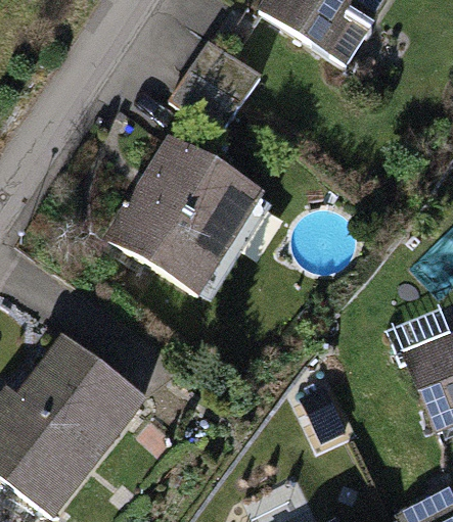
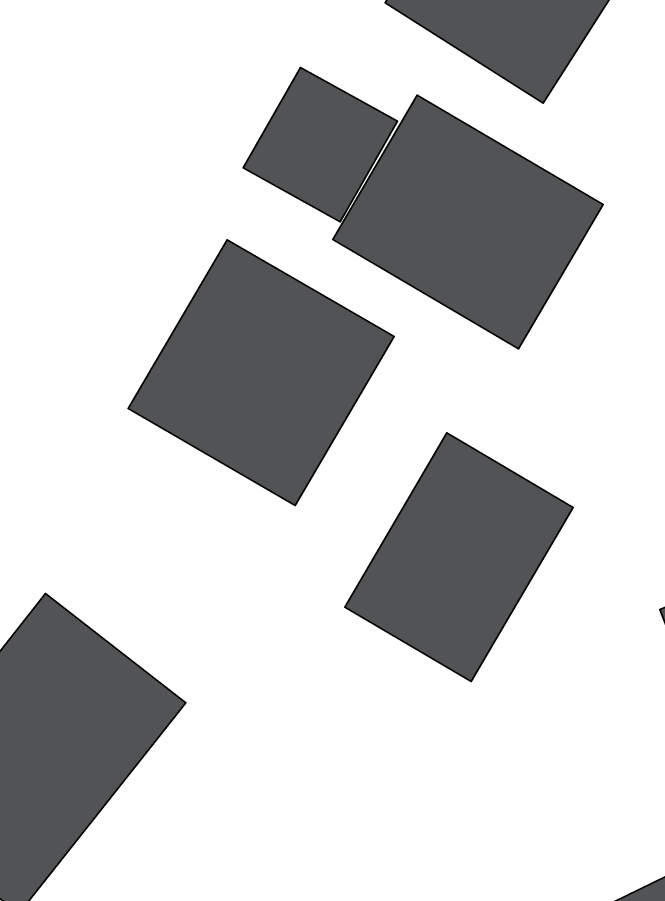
building: none -> [333,95,603,349]
building: none -> [345,433,573,682]

